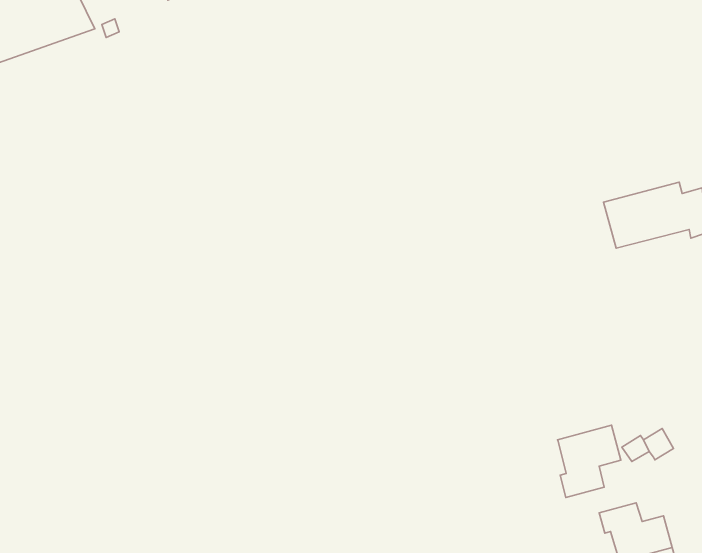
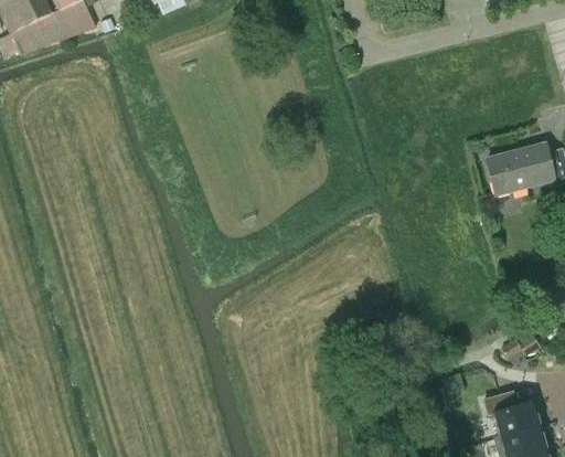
building: [557,425,621,498] -> none

